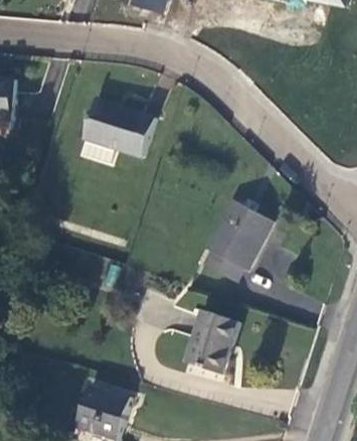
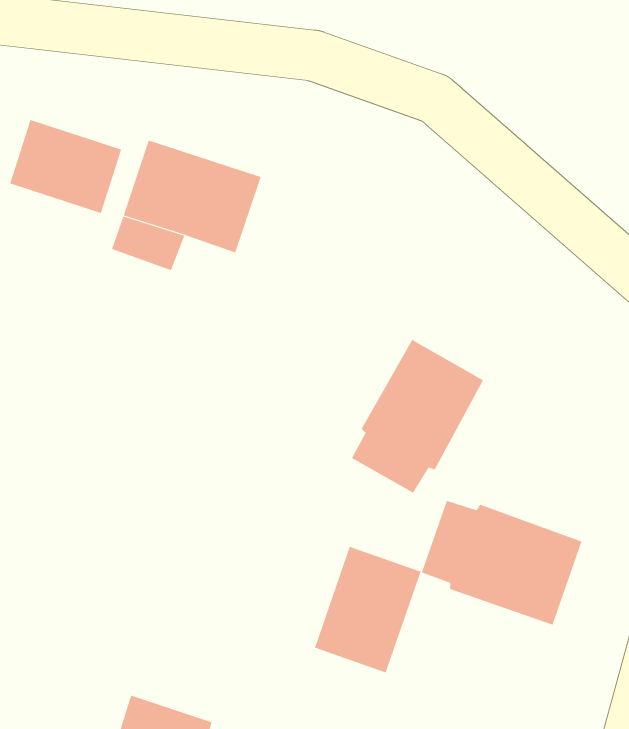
building: none -> [9,119,122,214]
building: none -> [421,500,582,625]

